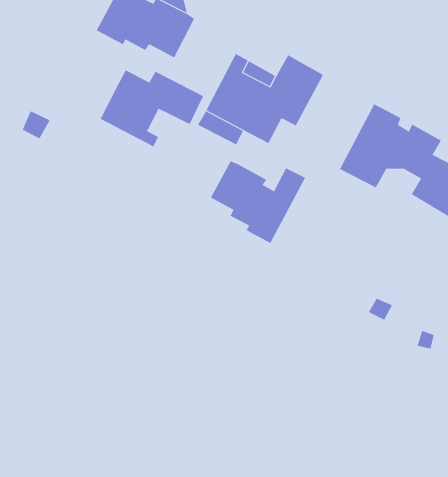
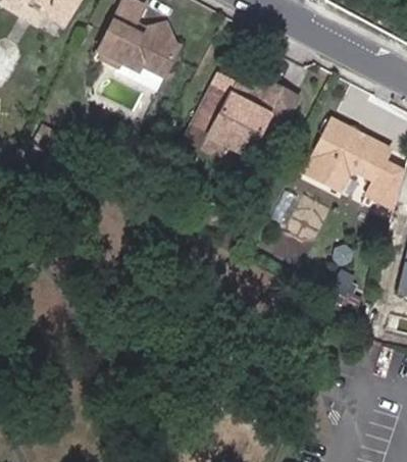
building: [100,69,204,147] -> none
building: [210,161,306,244] -> none

